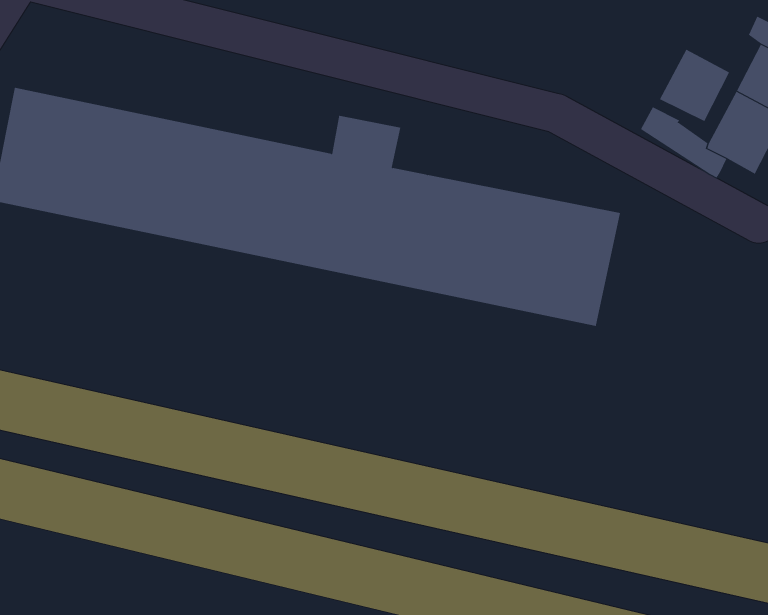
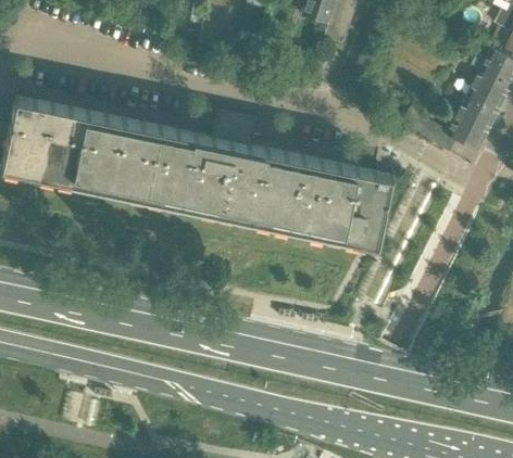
building: [659,49,730,122] -> none

